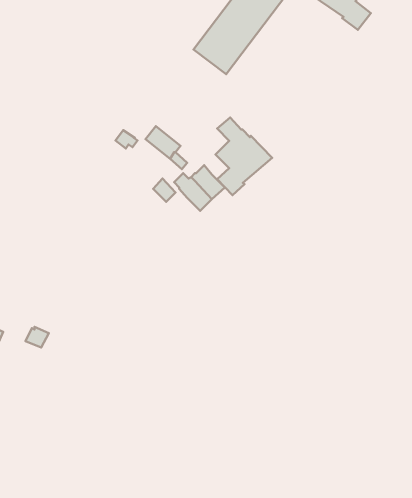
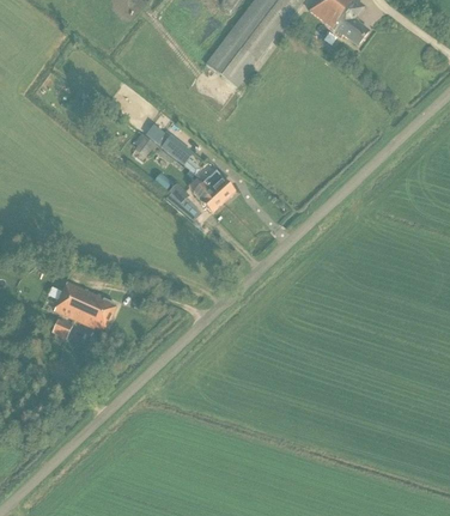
building: [215,117,272,195] -> none
building: none -> [53,279,115,328]

